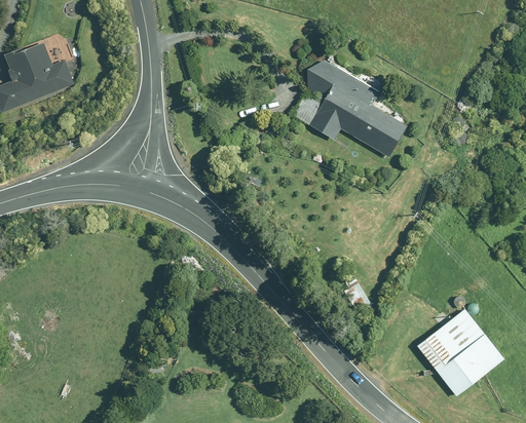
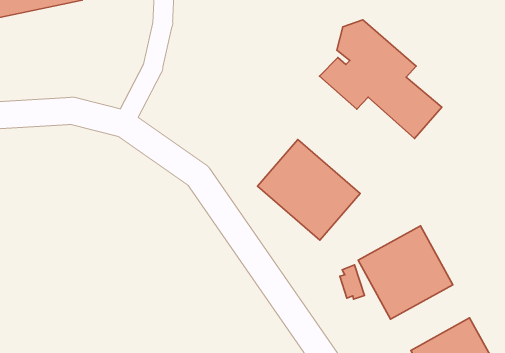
building: none -> [257,139,360,240]
building: none -> [358,226,453,319]

